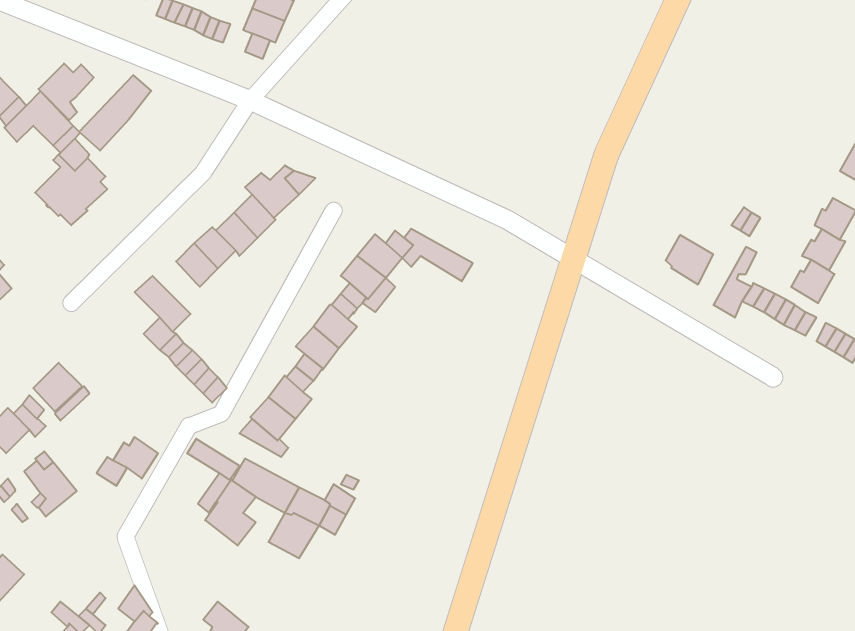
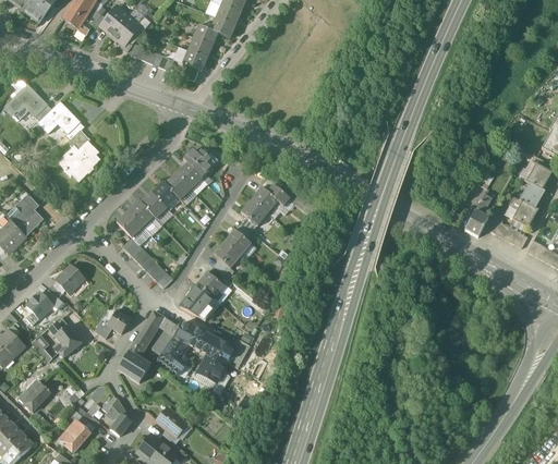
building: [38,63,94,120] -> none
building: [79,75,151,151] -> none
building: [666,235,713,285] -> none
building: none -> [126,200,160,234]
building: none -> [116,322,154,381]

